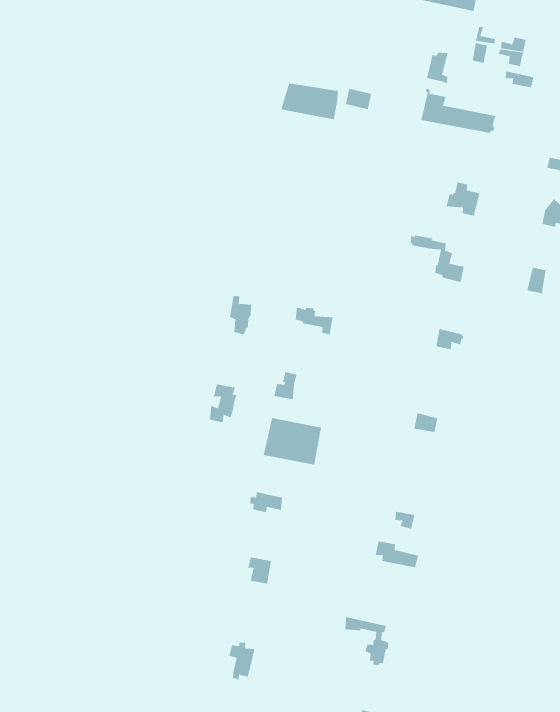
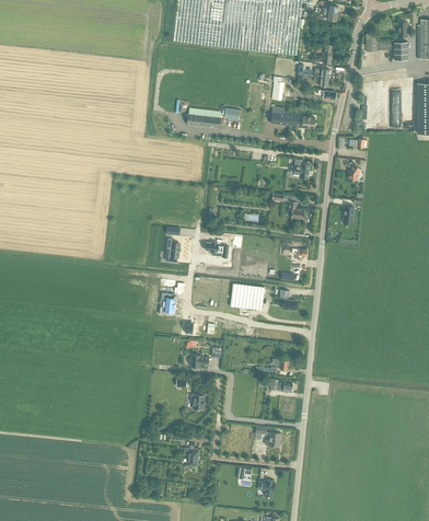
building: [263,418,322,465] -> [229,282,263,309]

